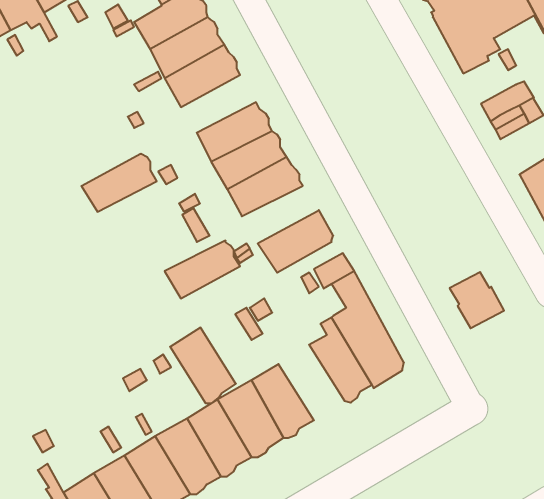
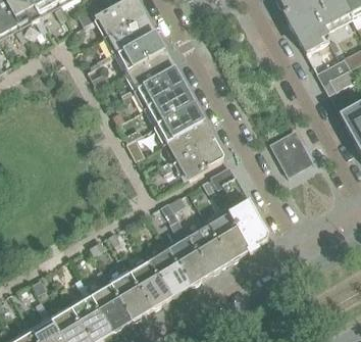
building: [81,154,157,212] -> [125,52,173,89]
building: [165,241,240,298] -> [164,123,212,159]
building: [450,272,504,328] -> [273,133,308,168]
building: [170,328,236,403] -> [188,224,229,272]

